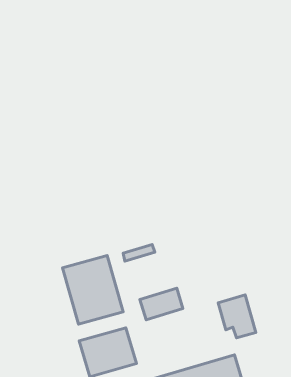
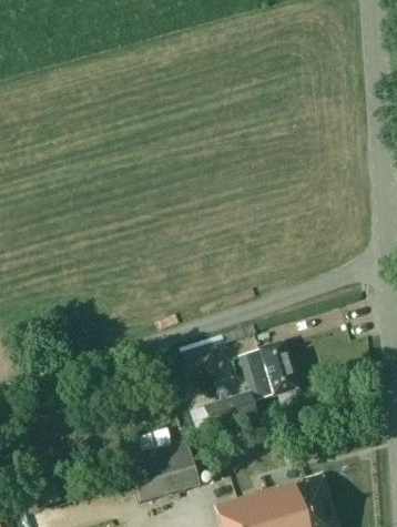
building: [63,256,123,324] -> none
building: [218,295,256,338] -> [247,344,295,398]

